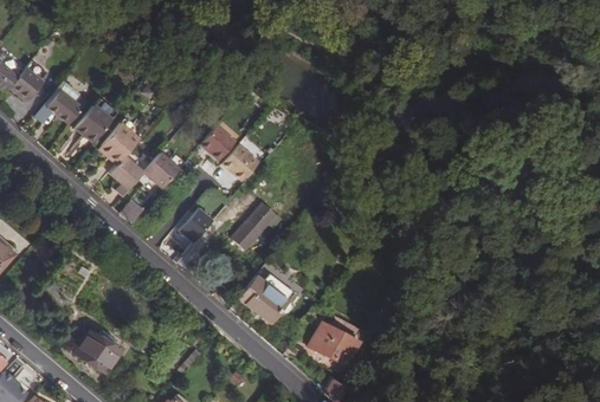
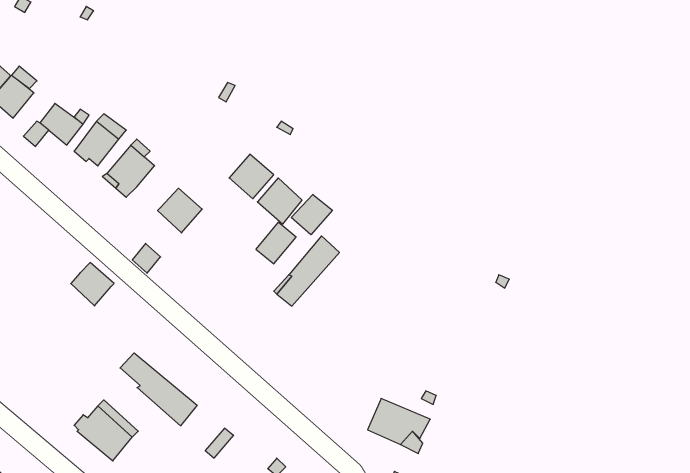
building: [109,155,143,189] -> [71,263,114,306]
building: none -> [291,194,332,235]
building: [179,209,211,242] -> [256,222,296,264]
building: [237,271,293,319] -> none
building: none -> [120,353,197,426]

